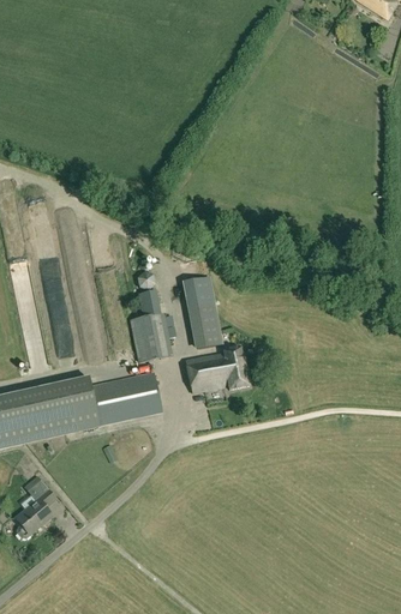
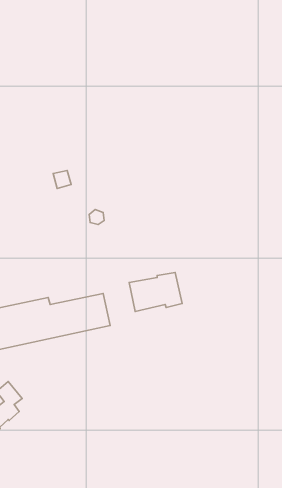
building: [182,276,222,347] -> none
building: [130,290,172,362] -> none

